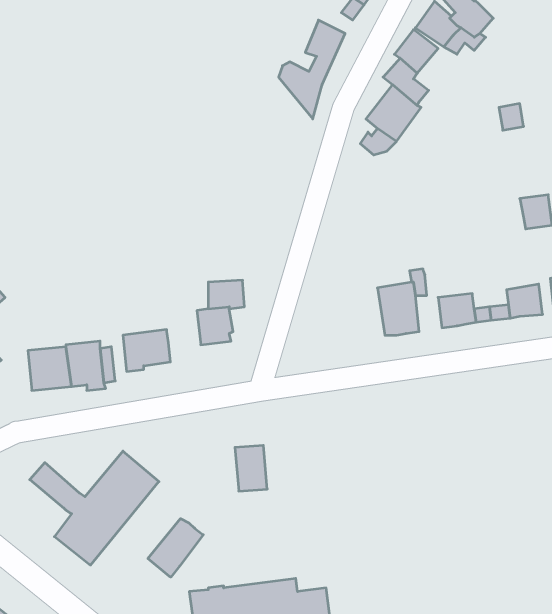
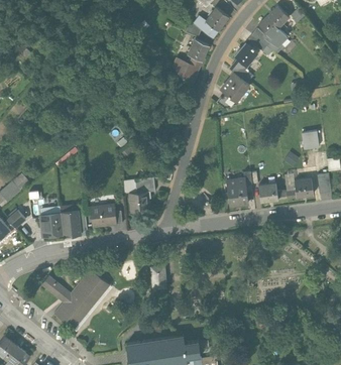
building: [148,519,203,577] -> none

